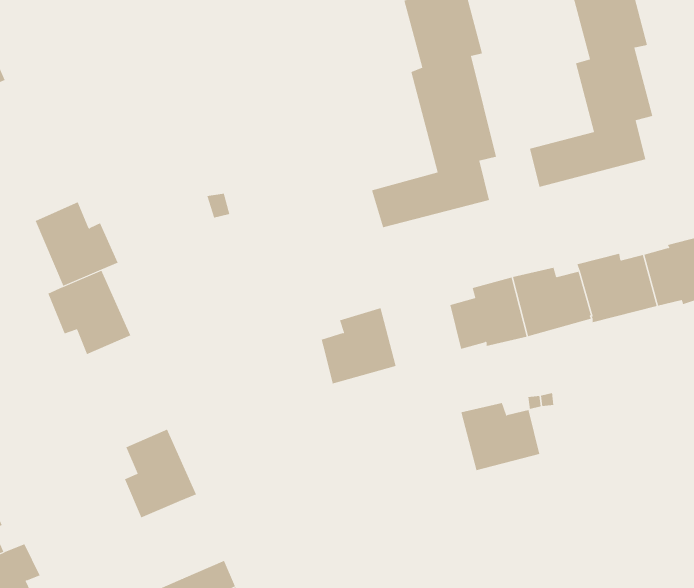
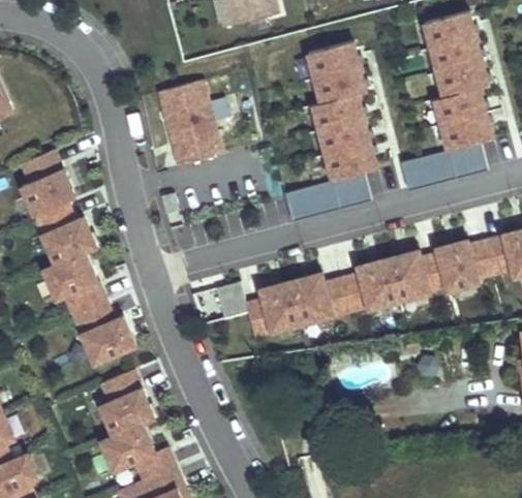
building: none -> [157,80,220,165]
building: none -> [20,150,73,216]
building: none -> [215,281,247,318]
building: none -> [71,301,134,364]
building: [461,402,540,471] -> [289,273,348,323]
building: none -> [100,424,174,480]

